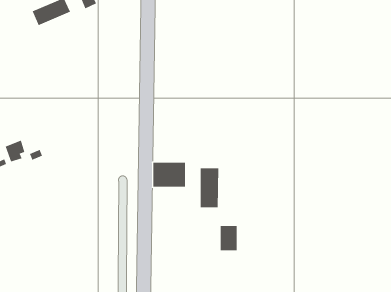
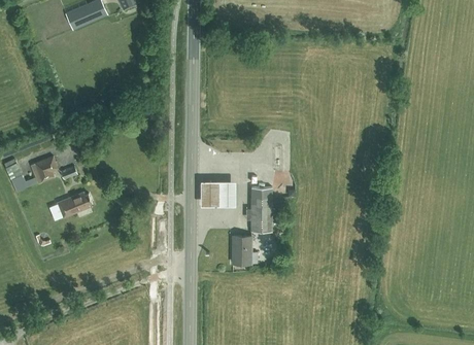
building: none -> [57,193,92,217]
building: [220,226,238,251] -> [232,236,251,264]

